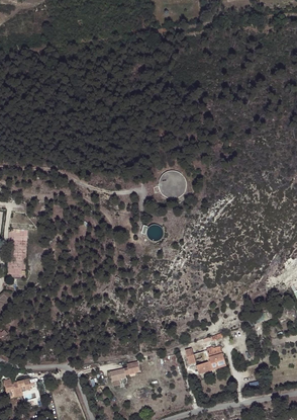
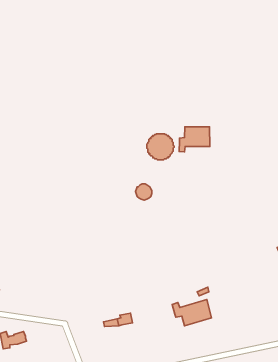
building: none -> [179,127,210,152]

